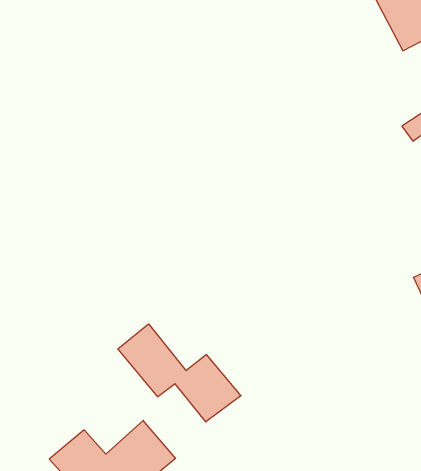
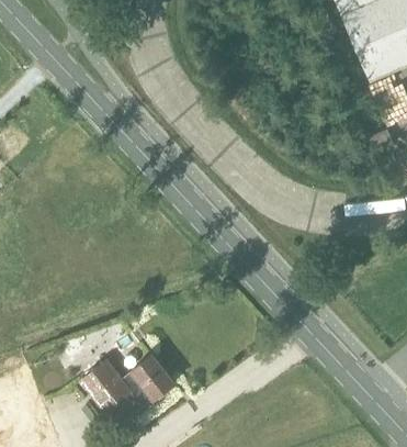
building: [118,324,241,422] -> none

